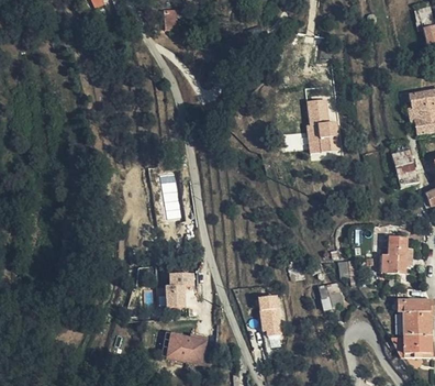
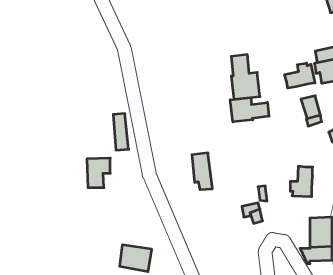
building: none -> [285,63,315,88]
building: none -> [230,98,269,122]
building: [166,268,194,305] -> [87,158,110,188]
building: [258,291,283,337] -> [192,153,212,190]

